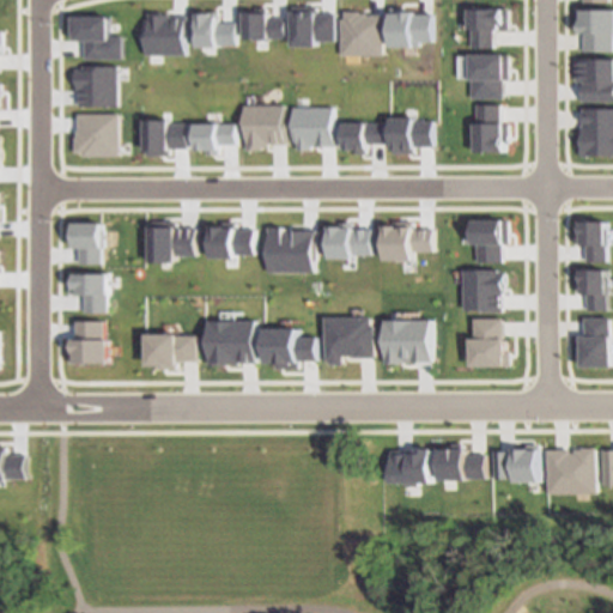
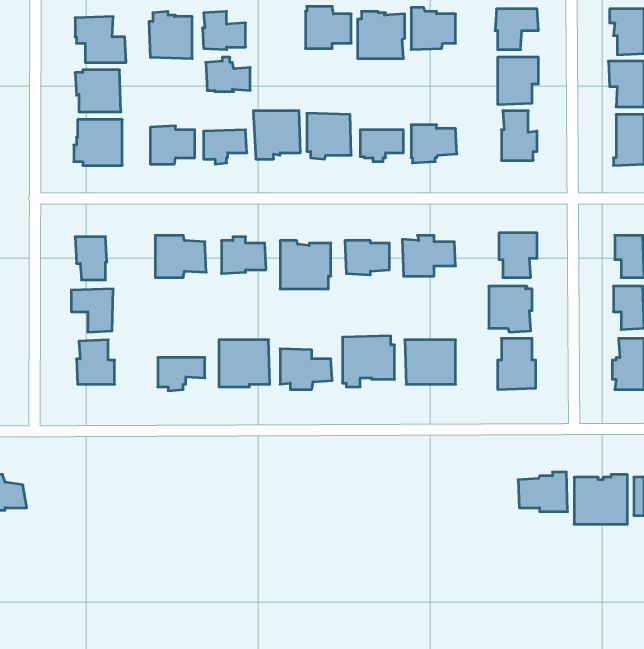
building: [238,8,280,41] -> [206,57,250,92]
building: [433,445,479,480] -> none
building: [386,449,426,484] -> none

